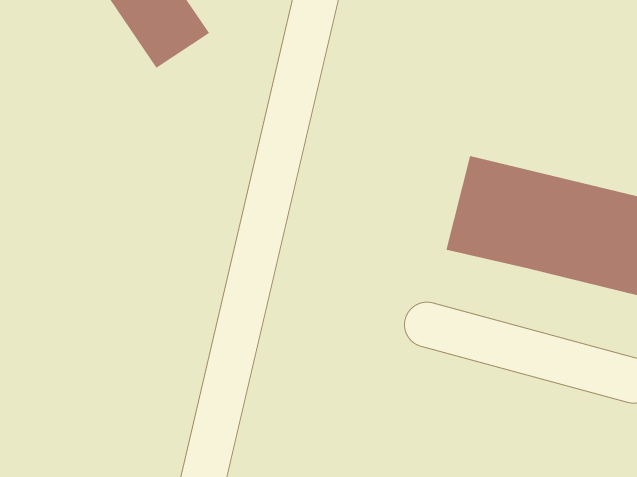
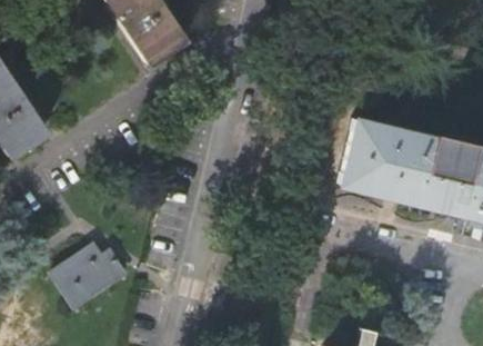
building: none -> [56,246,130,309]

